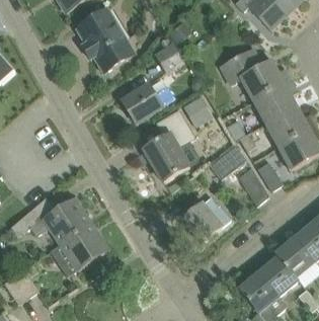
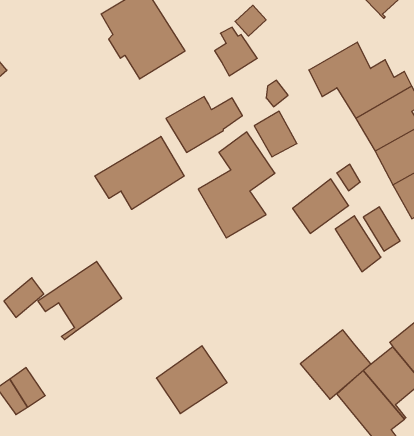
building: none -> [95,136,184,209]
building: [181,196,230,244] -> [300,330,371,399]
building: [60,224,108,270] -> [156,346,227,414]

